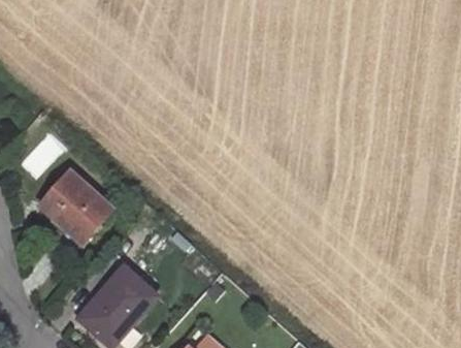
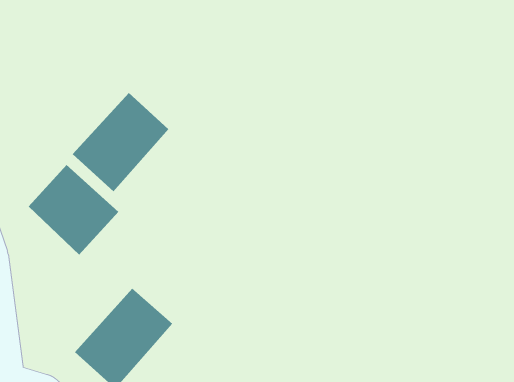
building: none -> [72,92,169,192]

